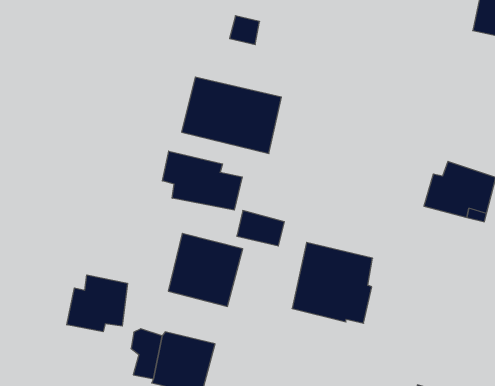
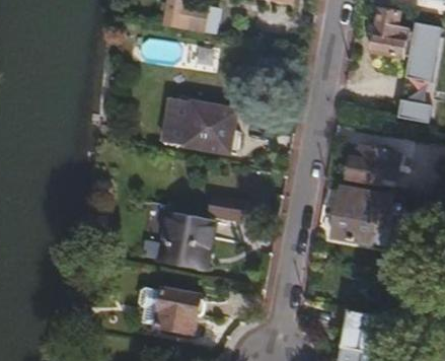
building: [162,151,242,210] -> none
building: [292,242,373,323] -> [333,188,391,244]
building: [67,275,127,332] -> none

